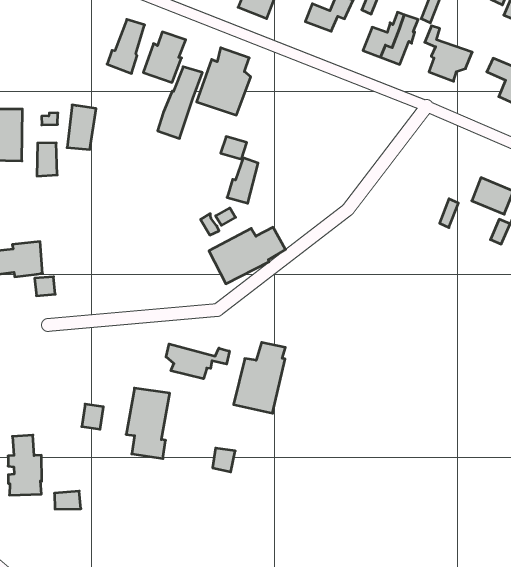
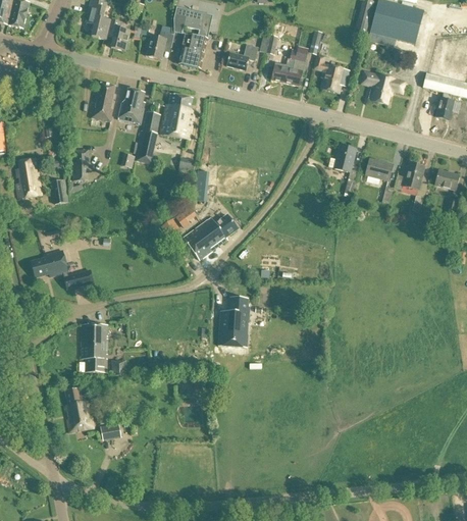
building: none -> [328,143,356,171]
building: [166,344,229,379] -> none
building: [126,388,170,459] -> [82,323,110,370]

